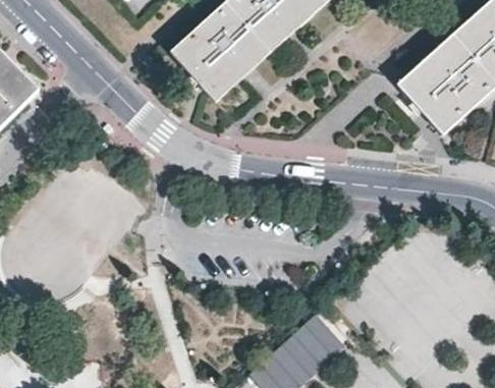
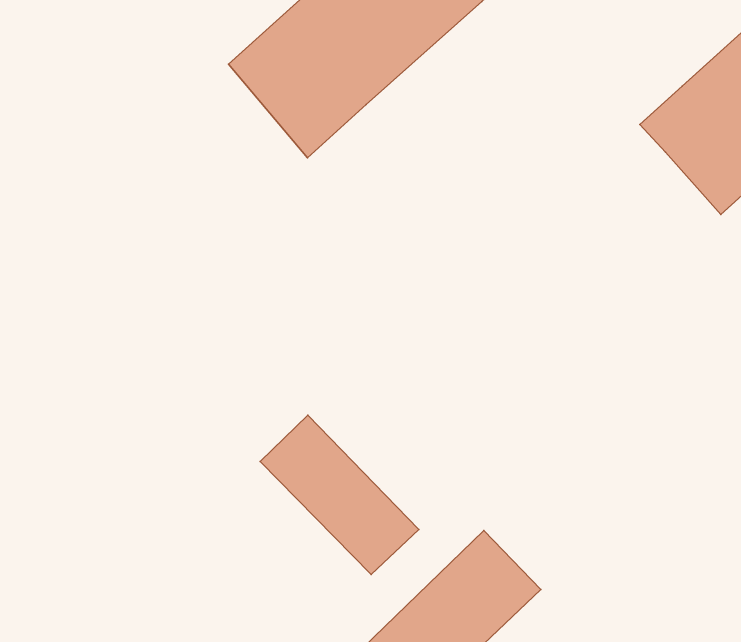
building: none -> [260,415,419,574]

